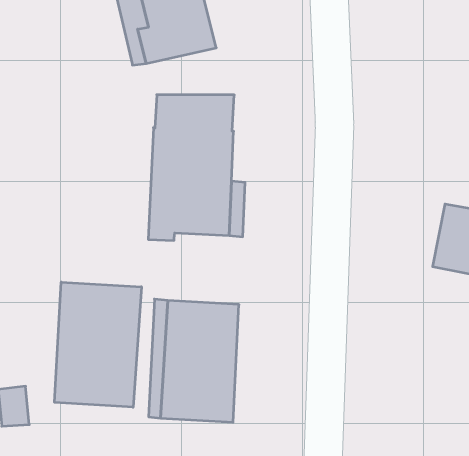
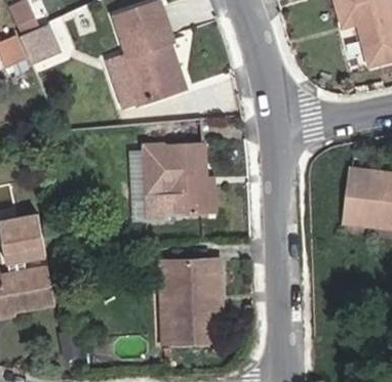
building: [55,282,141,407] -> none

